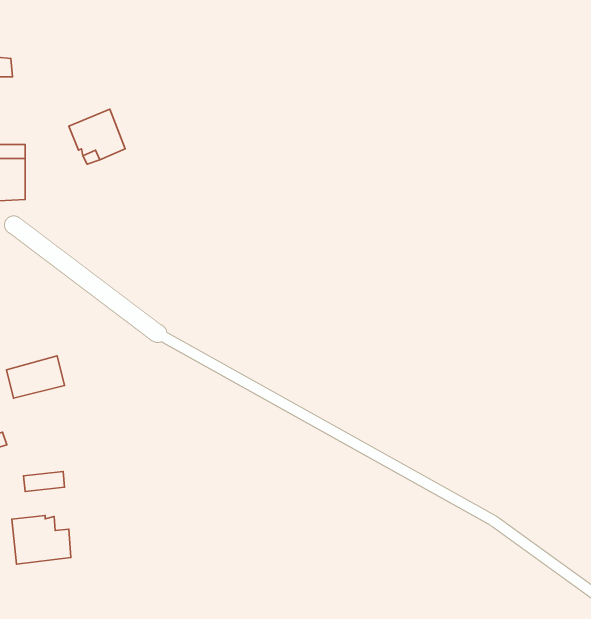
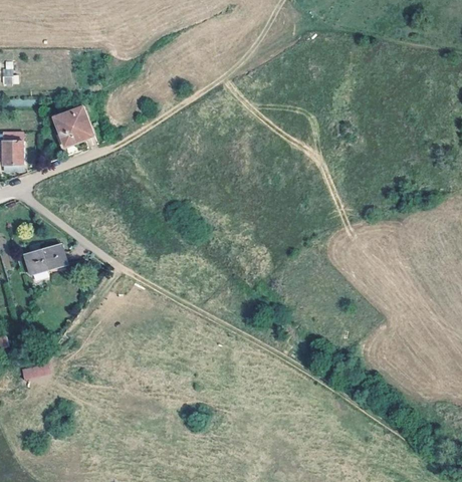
building: [7,356,64,398] -> [23,245,64,275]
building: [12,516,71,564] -> none

